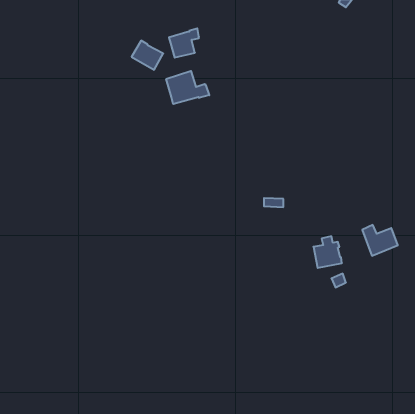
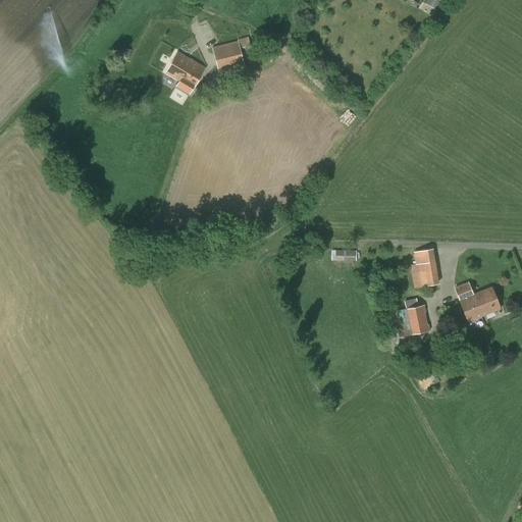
building: [166,71,209,104] -> none
building: none -> [410,248,438,292]

